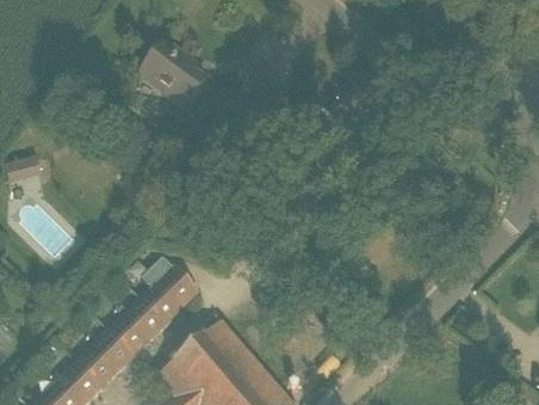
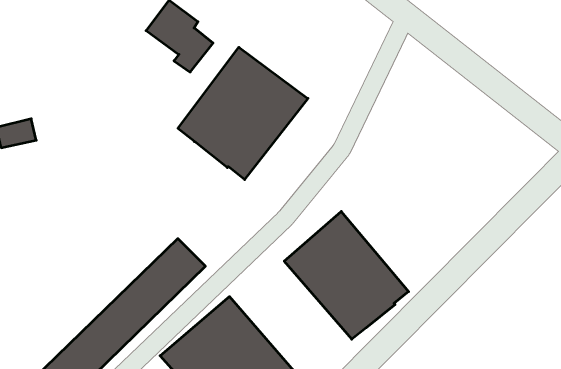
building: none -> [178,47,308,180]
building: none -> [284,211,409,339]

